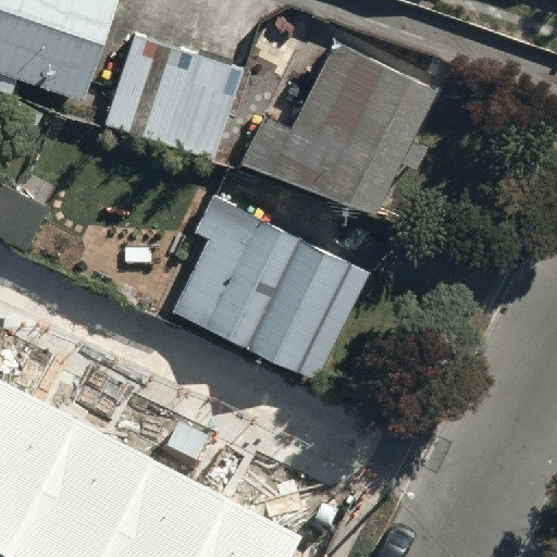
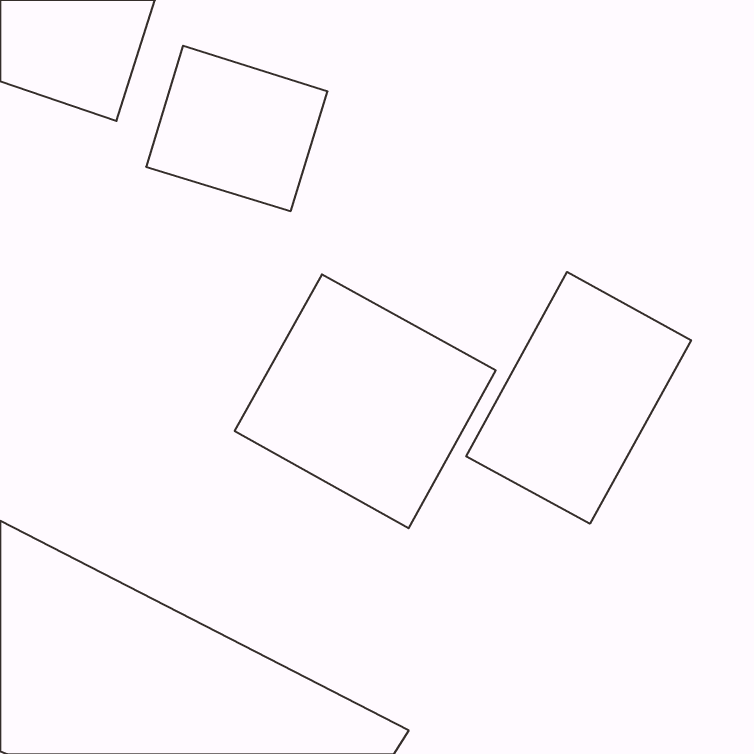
building: [244,37,437,212] -> none
building: none -> [466,272,691,524]

